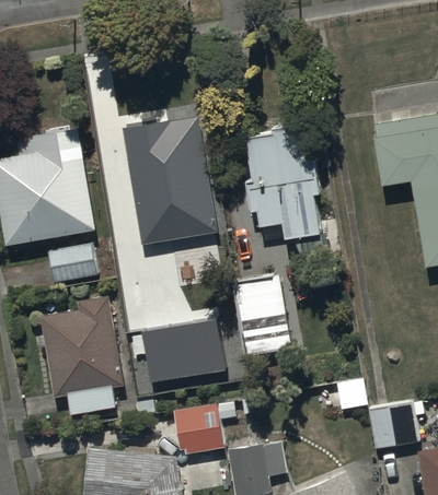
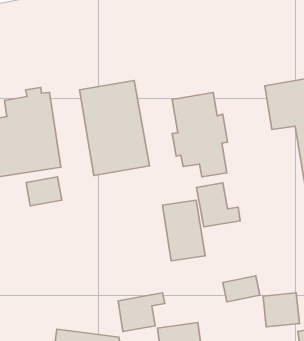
building: none -> [196,183,240,227]
building: [41,298,122,419] -> none
building: [140,316,224,380] -> none

